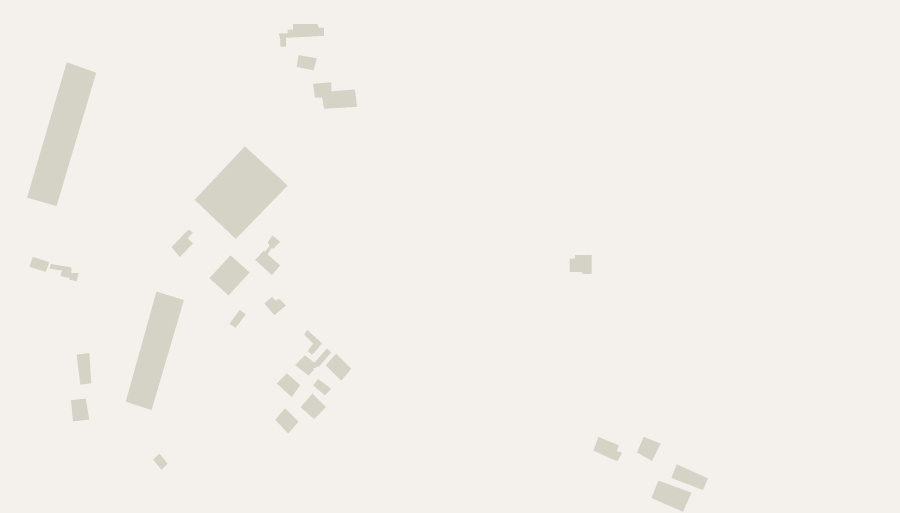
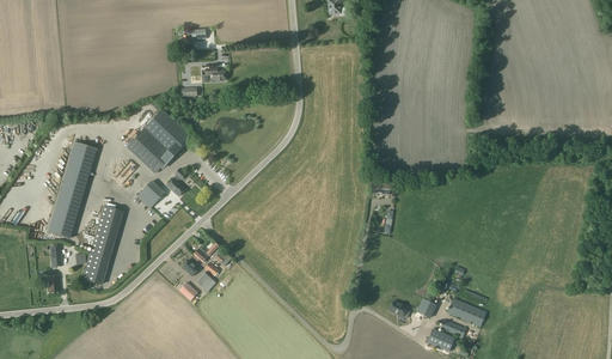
building: [26,61,97,207] -> [48,141,94,237]
building: none -> [447,297,486,325]

